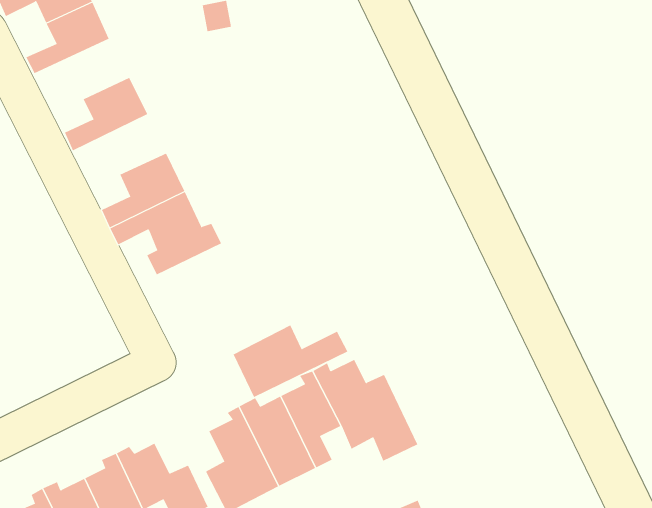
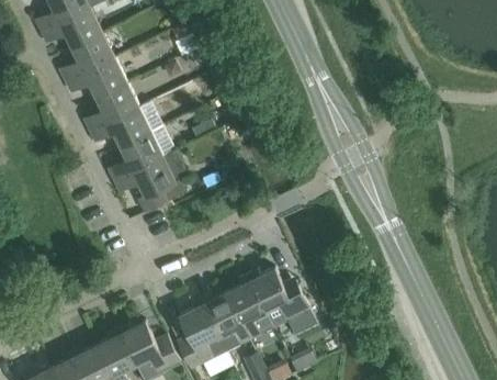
building: none -> [65,57,127,97]
building: none -> [90,107,151,146]
building: [233,325,348,398] -> none

